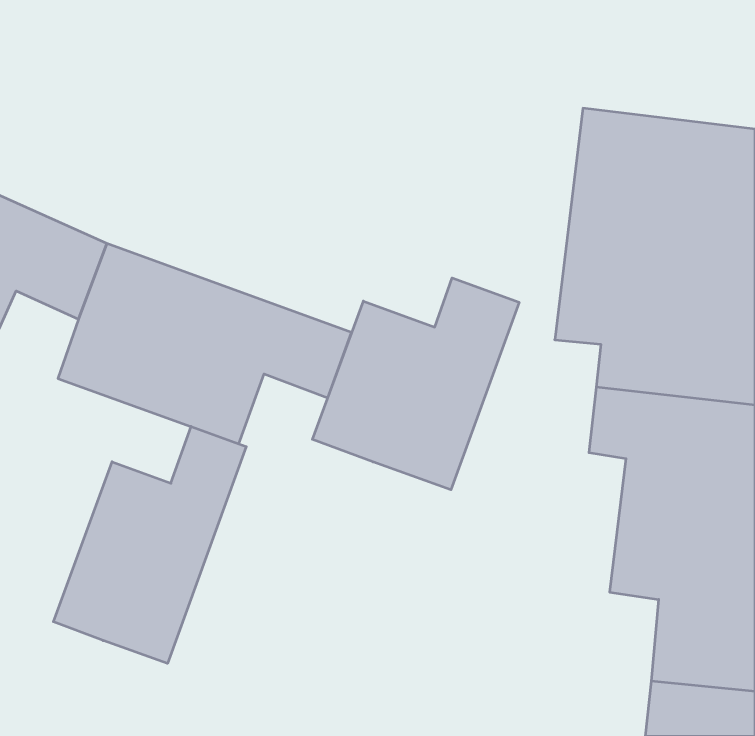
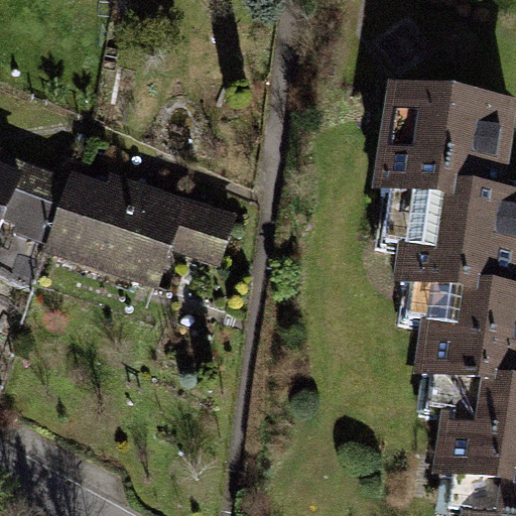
building: [312,278,519,490] -> none
building: [53,426,246,663] -> none

